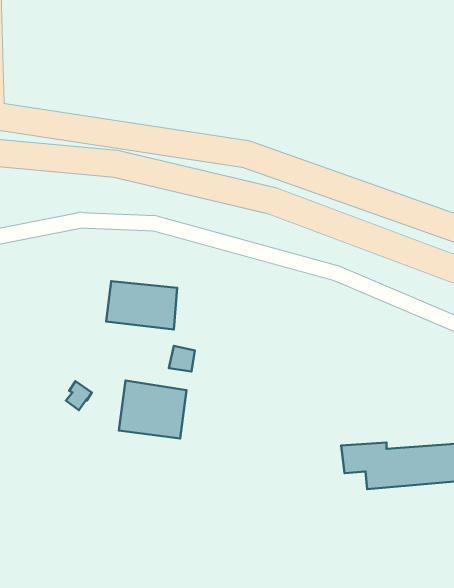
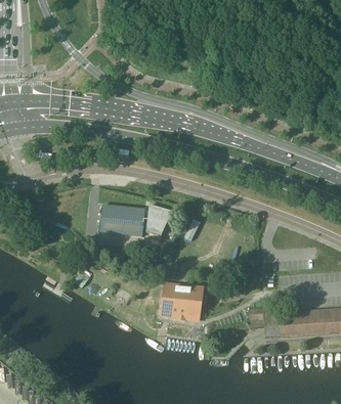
building: none -> [145,205,171,236]
building: [119,381,187,439] -> [159,283,202,320]

